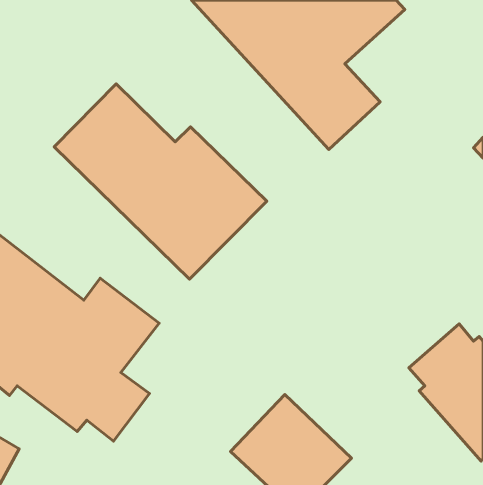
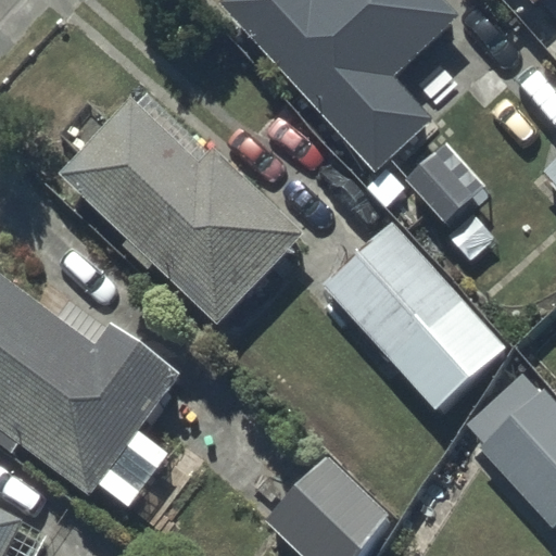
building: none -> [316,219,518,430]

